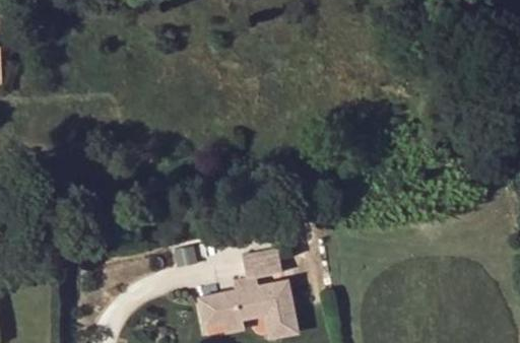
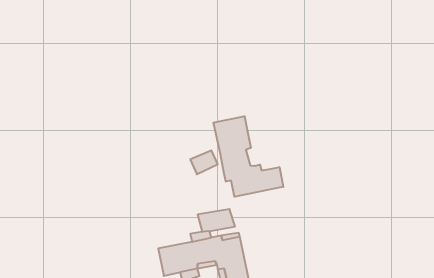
building: none -> [213,116,283,197]

